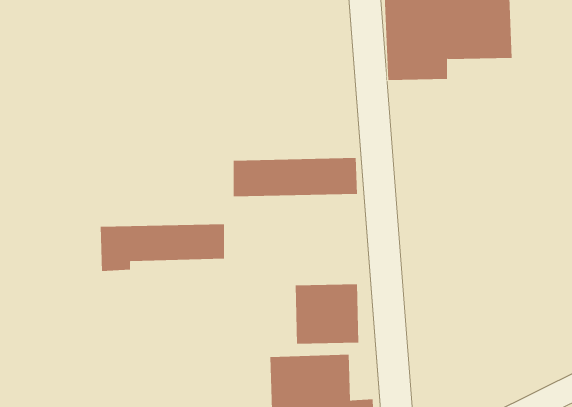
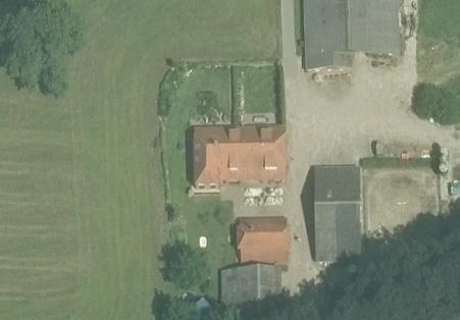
building: none -> [313,165,359,258]
building: [100,224,225,271] -> [195,151,286,185]

